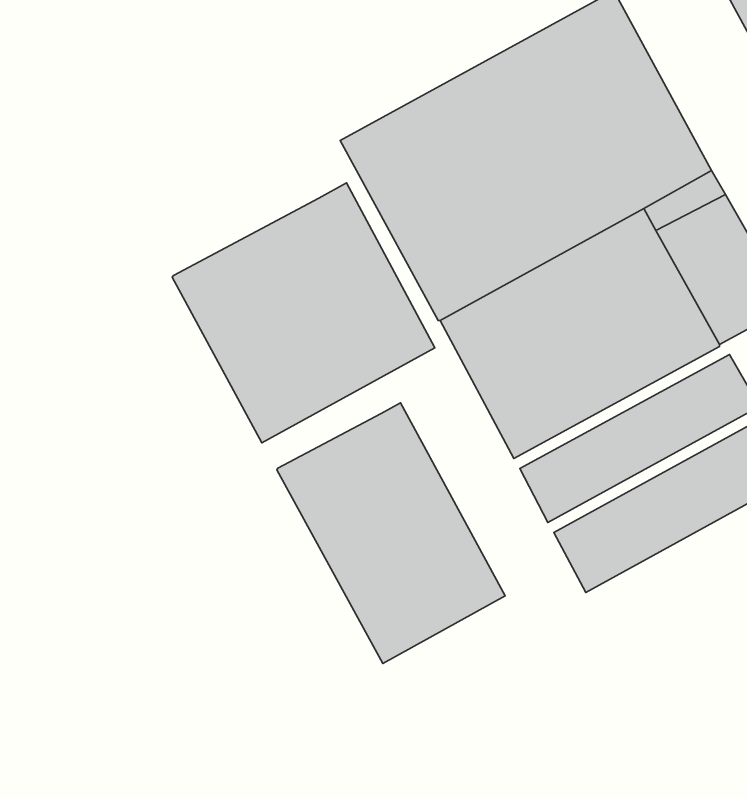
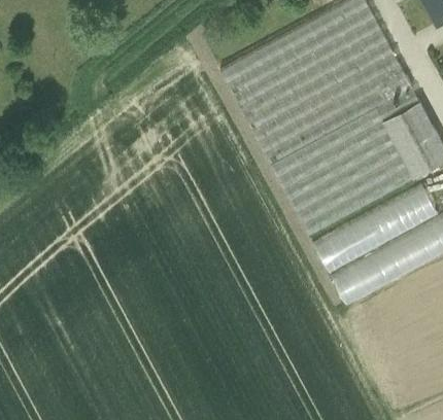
building: [172,183,435,443] -> none
building: [277,403,505,664] -> none

